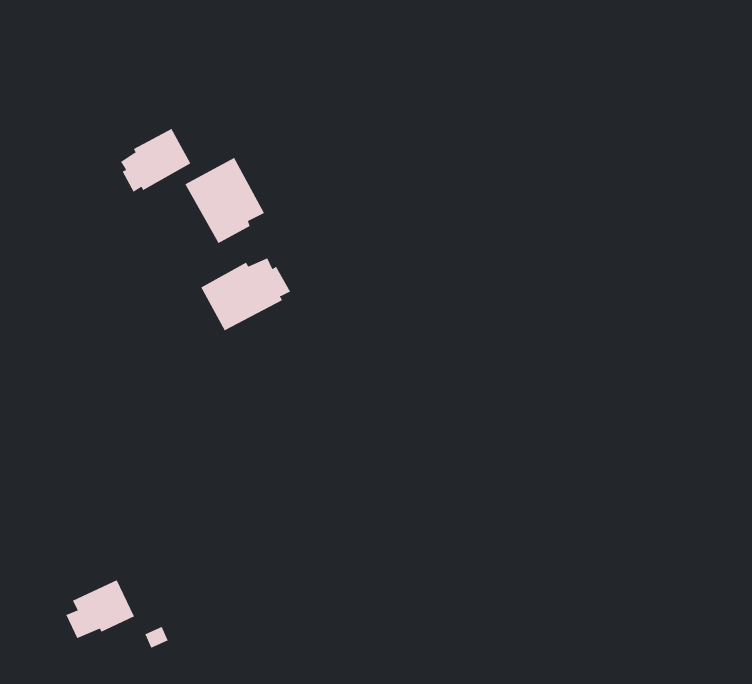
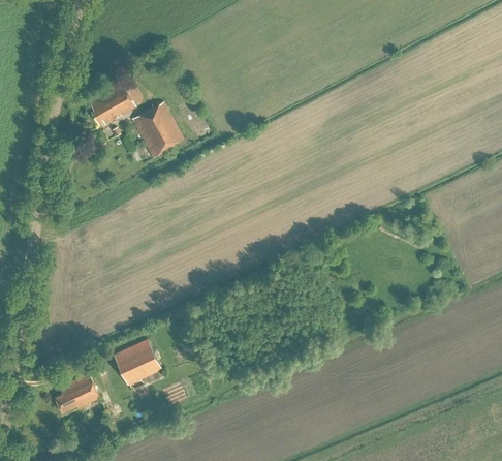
building: [200,258,291,331] -> none
building: none -> [114,340,162,386]

